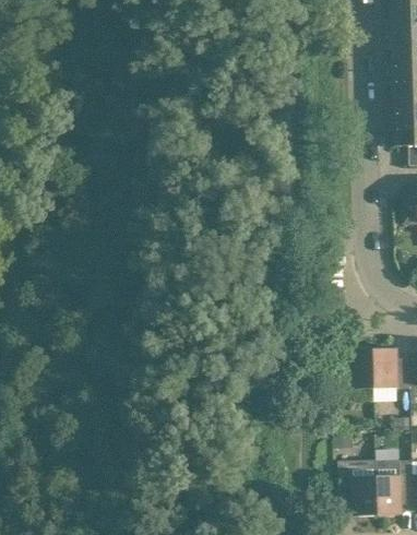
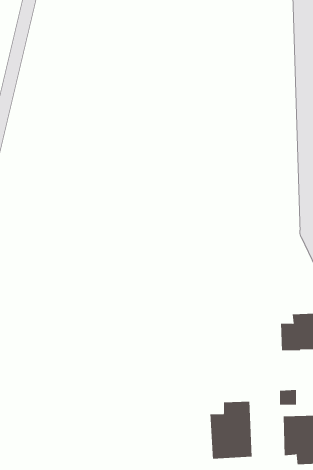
building: none -> [210,401,252,459]

